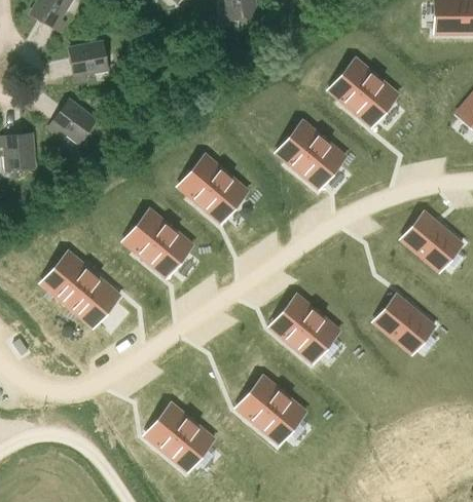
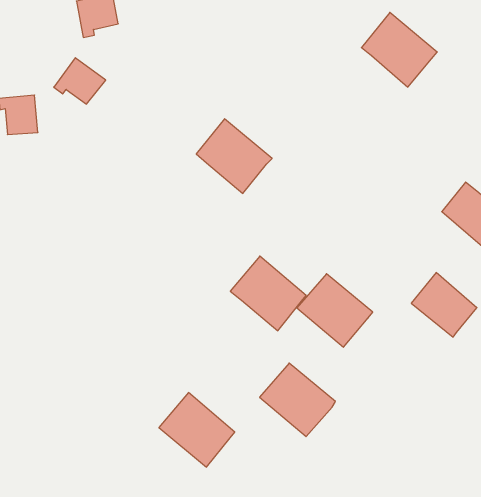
building: [277,121,345,188] -> none
building: [123,209,192,277] -> [230,256,306,331]
building: [41,253,120,327] -> none

